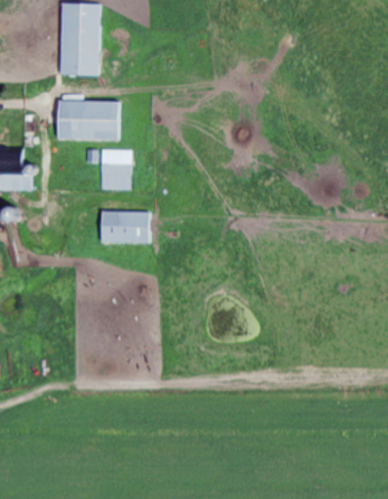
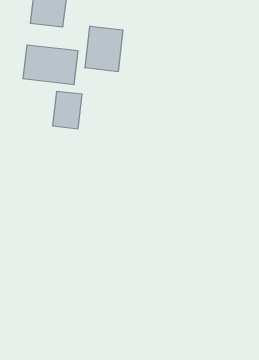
building: none -> [85,26,123,72]
building: [102,212,150,242] -> none

